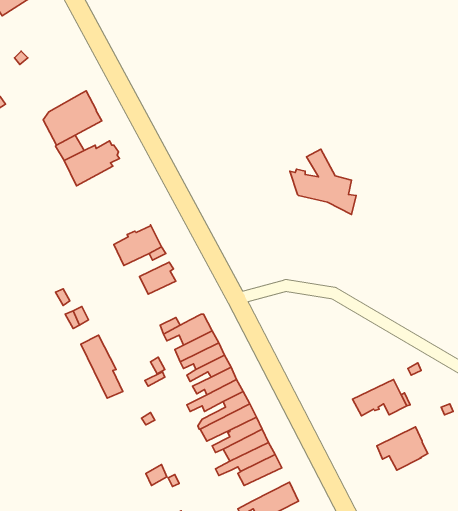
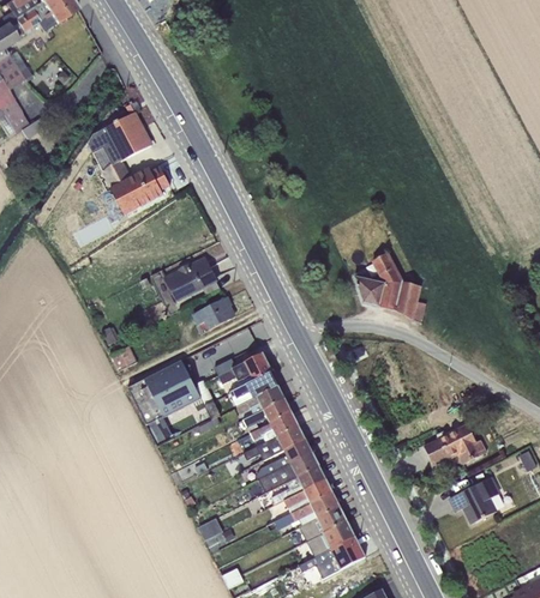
building: [290,149,356,214] -> [354,252,426,322]
building: none -> [148,360,202,413]
building: none -> [306,520,355,556]

